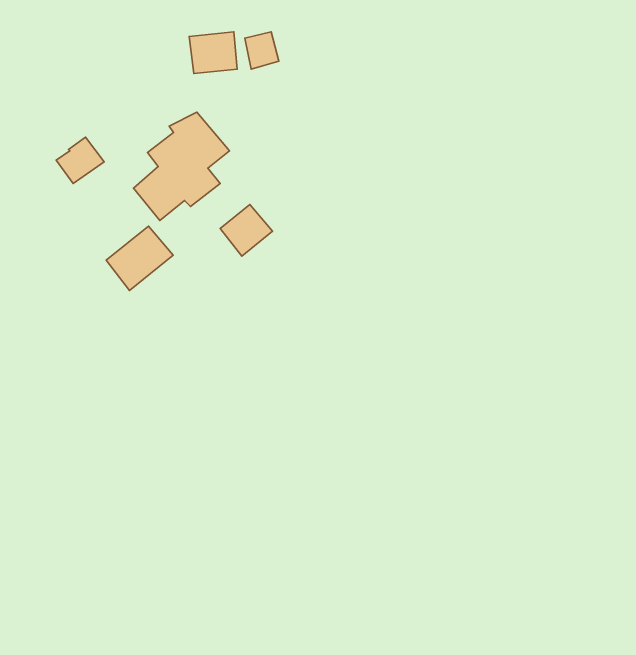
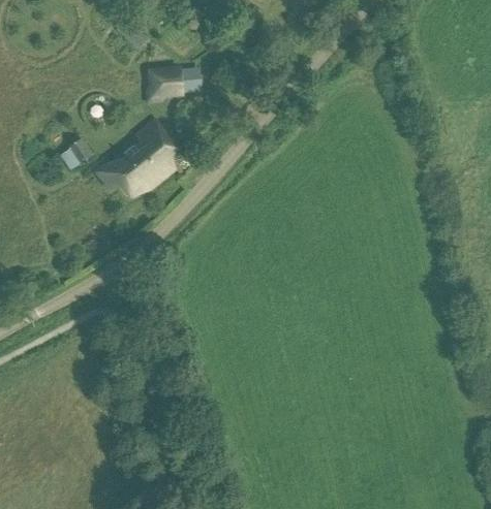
building: [220,205,272,256] -> none
building: [106,226,173,291] -> none

